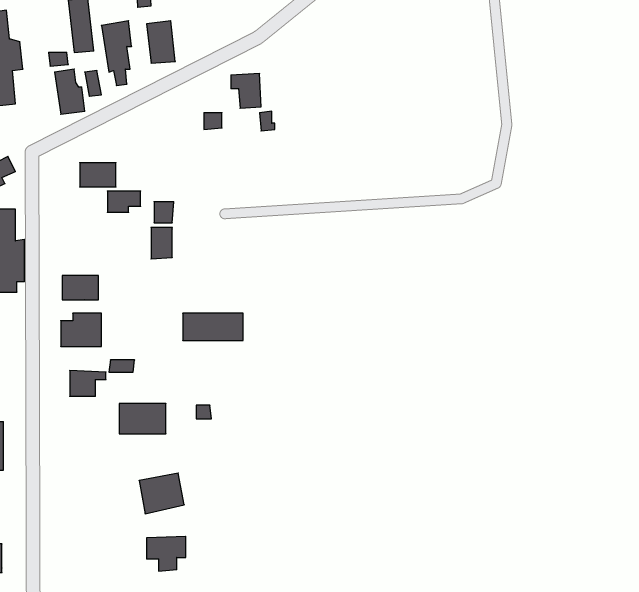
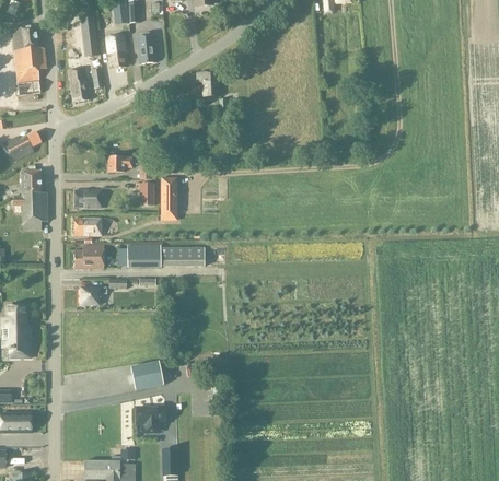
building: [80,163,116,187] -> [76,189,102,207]
building: none -> [161,177,177,220]
building: [119,404,166,434] -> [128,245,162,267]

